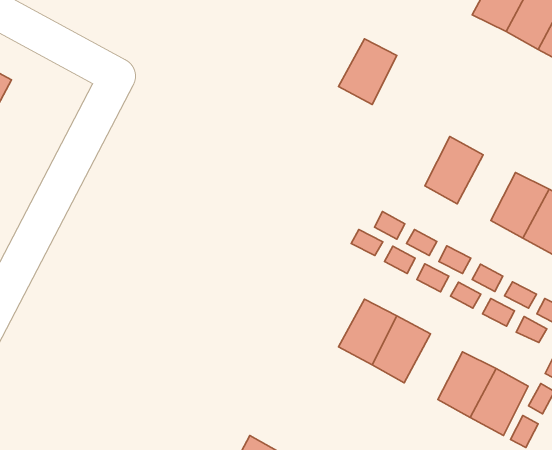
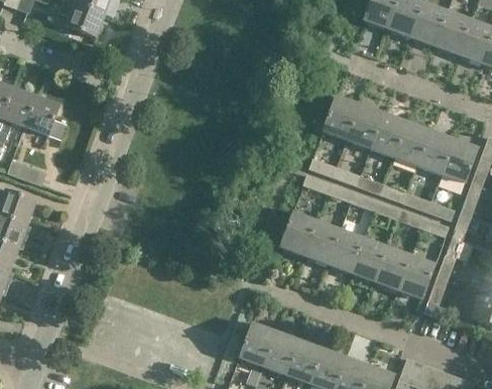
building: [338,39,397,105] -> [323,96,359,139]
building: none -> [370,113,406,156]
building: none -> [280,212,317,255]
building: none -> [351,238,387,281]

